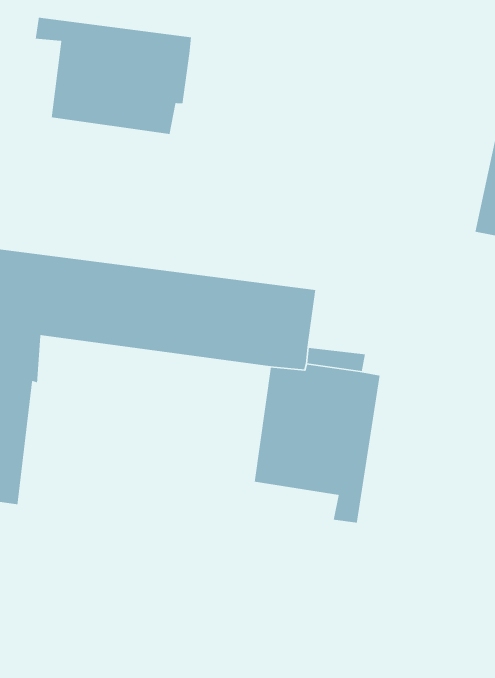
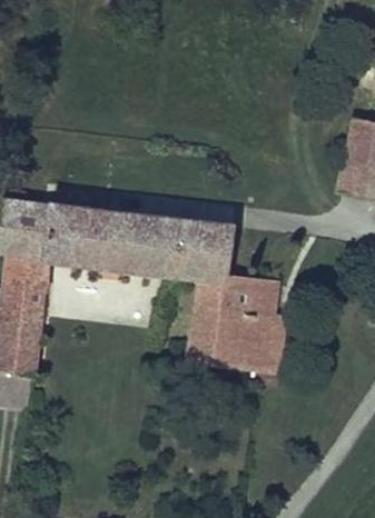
building: [35,17,192,135] -> none

